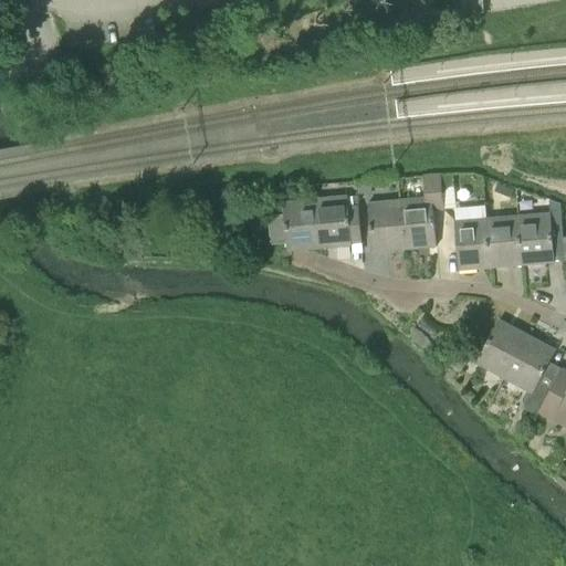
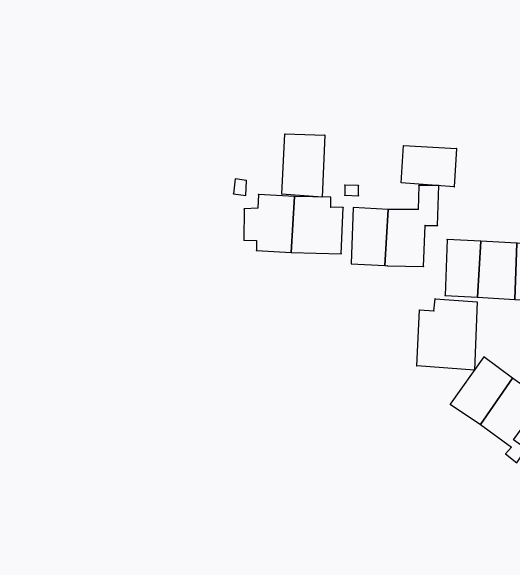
building: none -> [401,146,456,187]
building: none -> [282,134,325,197]
building: none -> [417,299,477,370]

